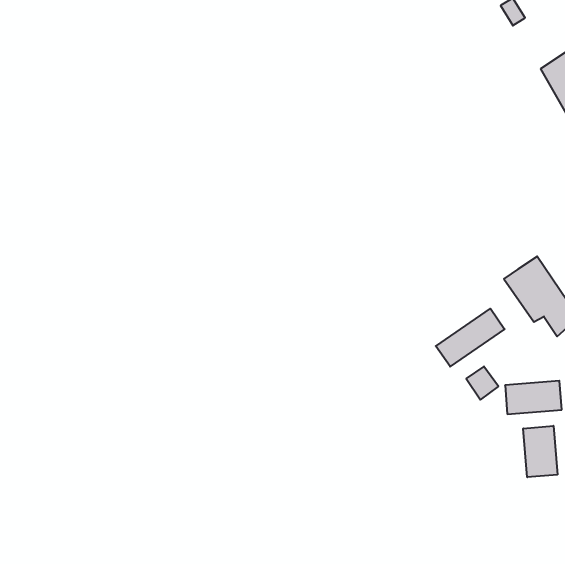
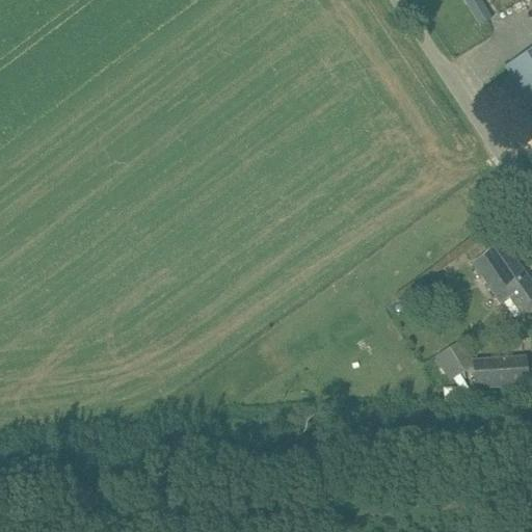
building: [436,309,505,367] -> none
building: [523,426,557,477] -> none

